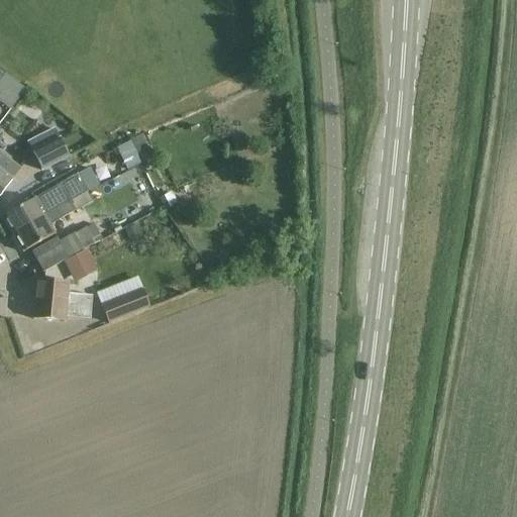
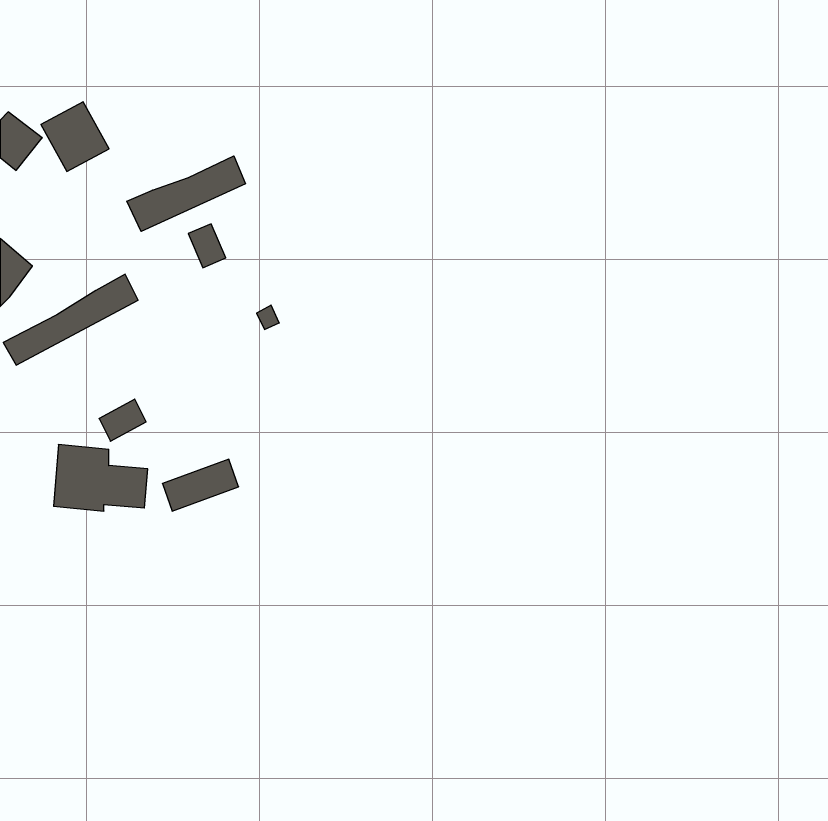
building: none -> [127,156,245,231]
building: [28,124,71,168] -> [41,102,109,171]
building: [11,180,100,248] -> none
building: [32,220,102,268] -> none

